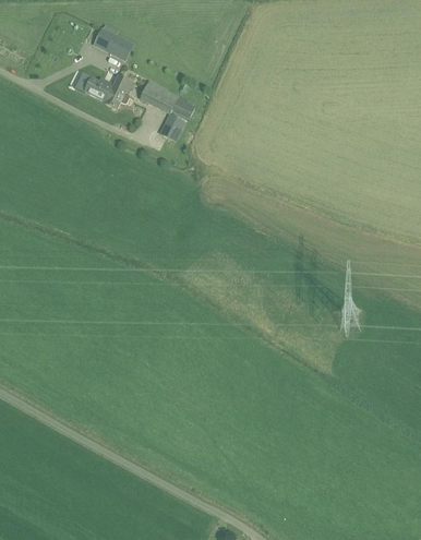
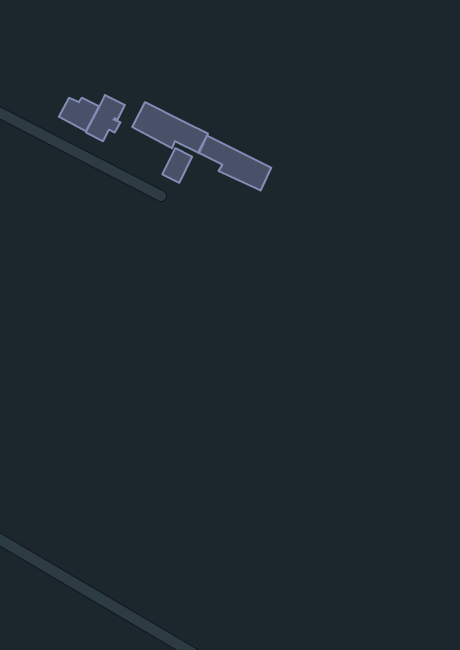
building: [94,28,134,60] -> none
building: none -> [199,136,271,191]

